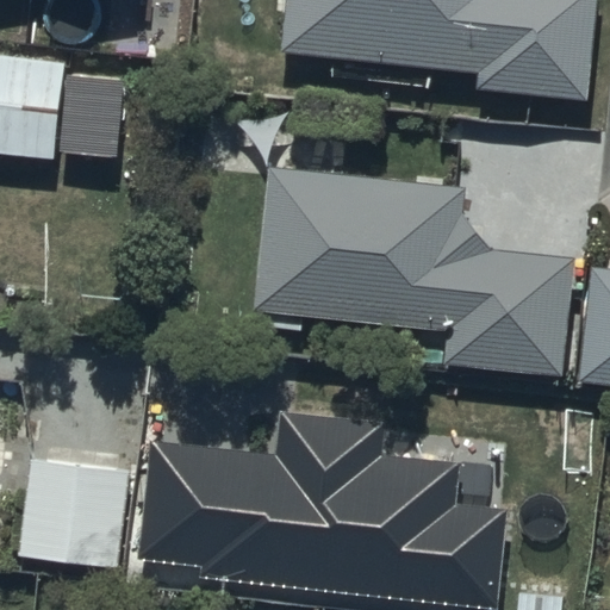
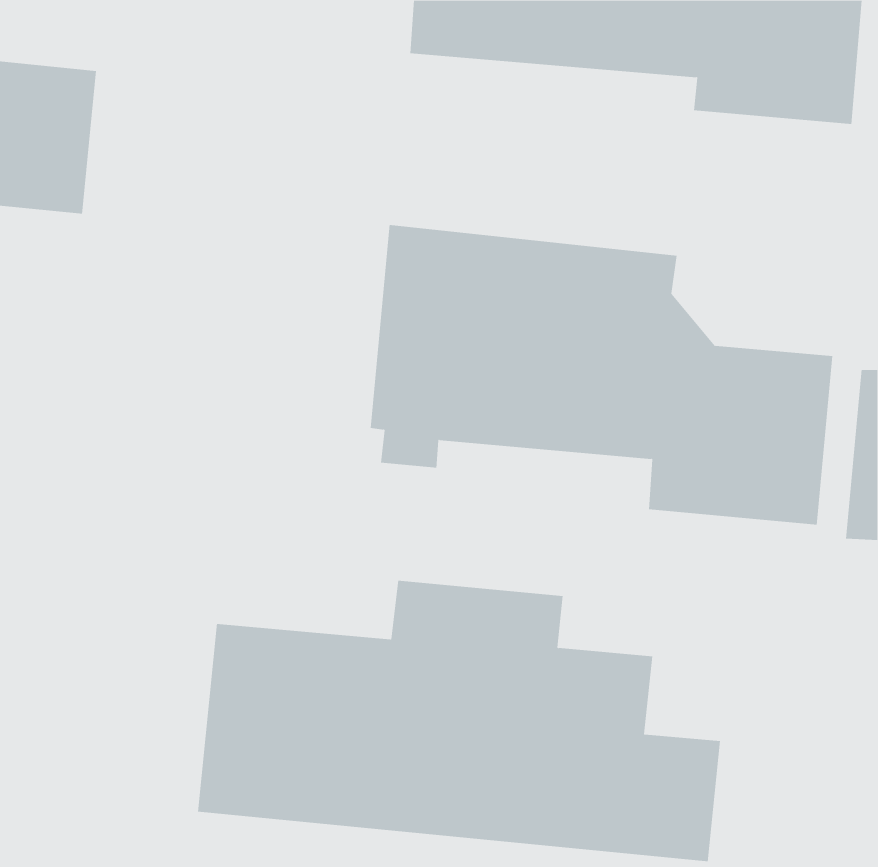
building: [23,459,132,567] -> none

